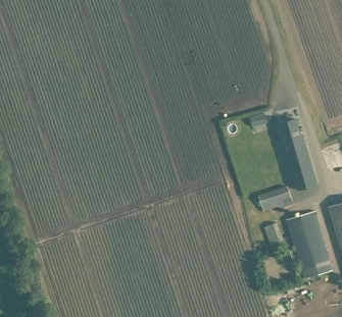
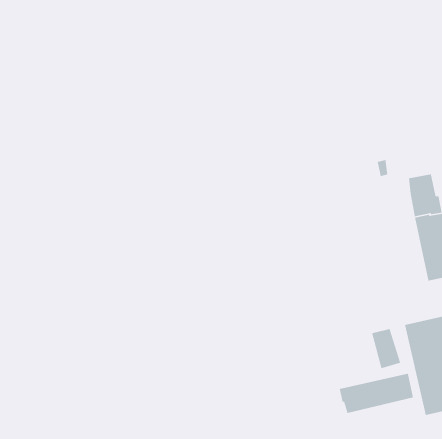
building: [258,184,293,211] -> none
building: none -> [339,373,414,414]

